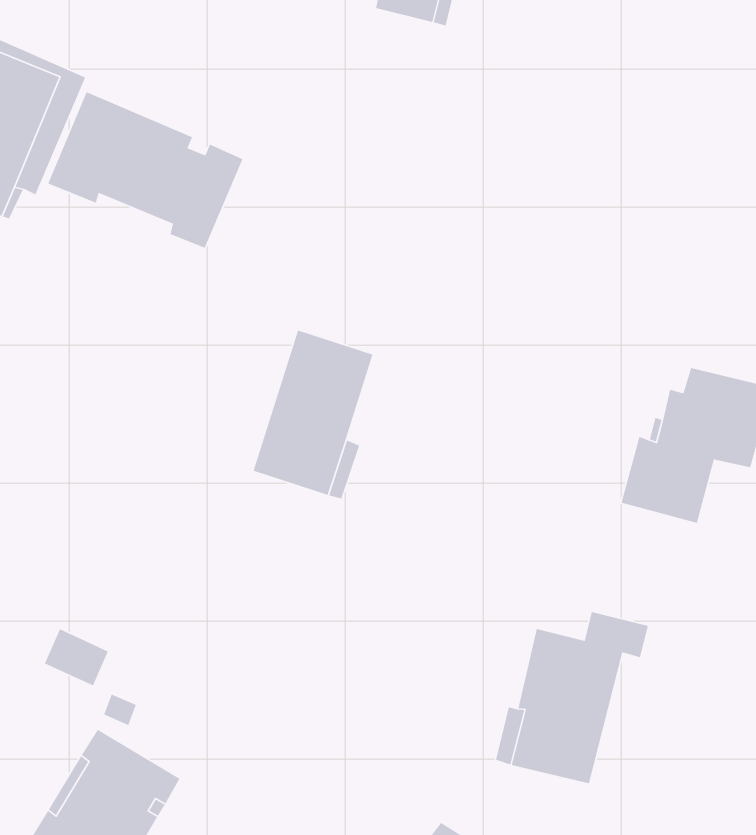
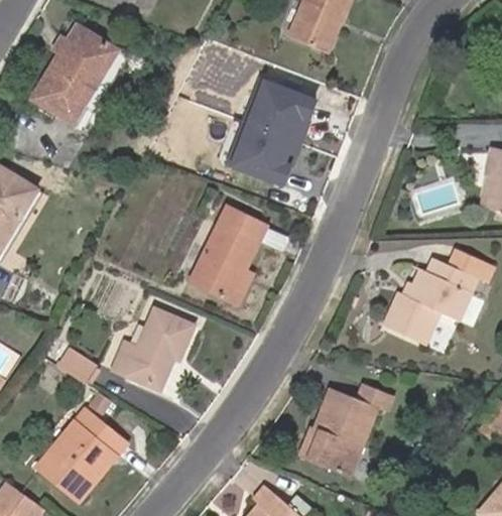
building: [47,91,244,249] -> none
building: none -> [241,86,330,194]
building: none -> [111,306,192,386]

